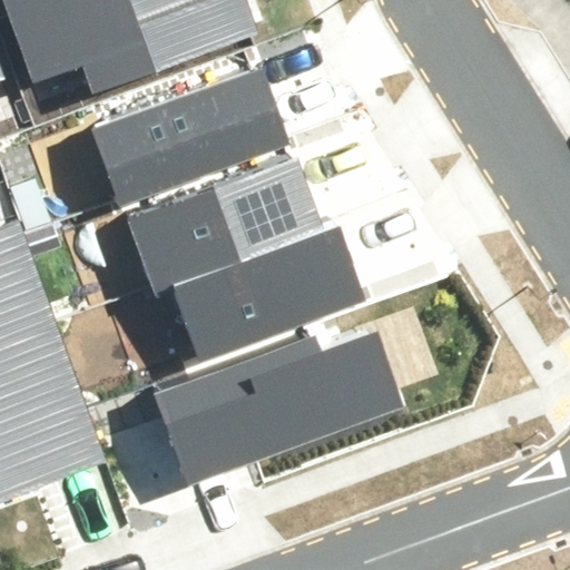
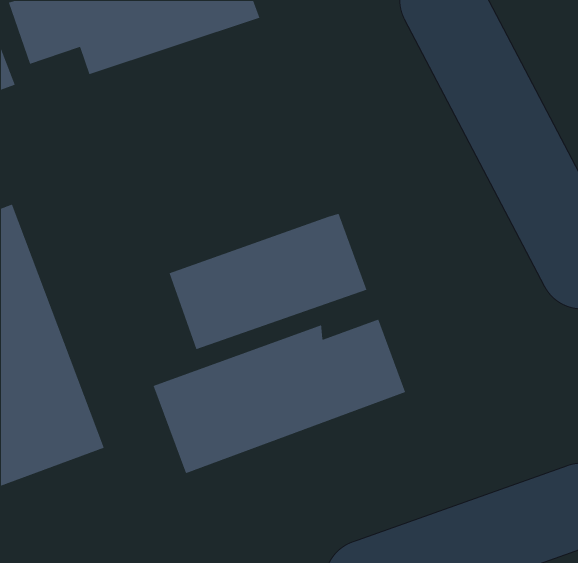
building: [89,68,284,202] -> none
building: [129,156,324,292] -> none

